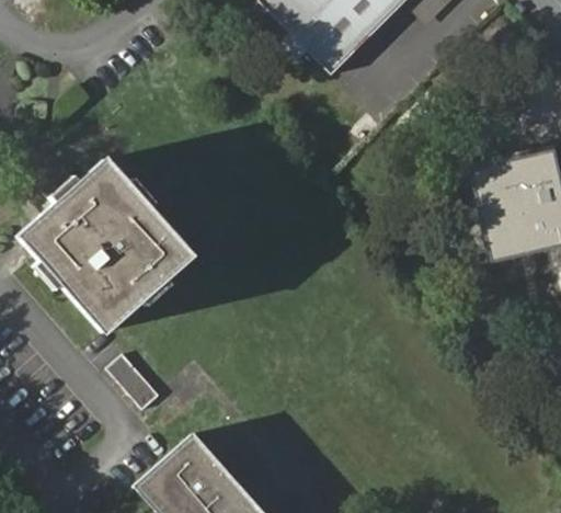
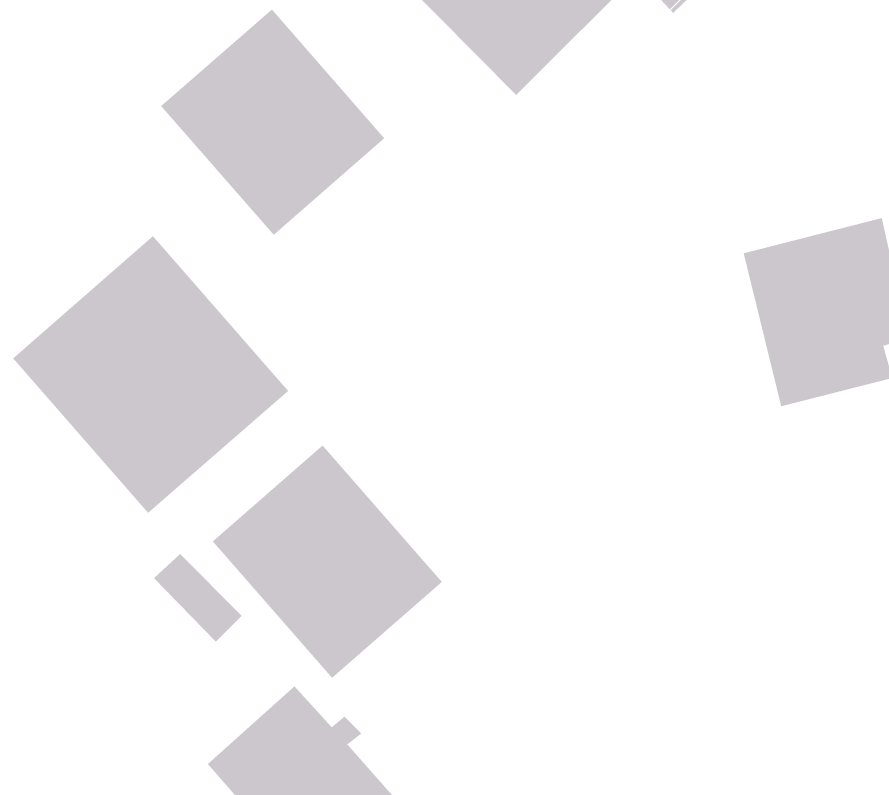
building: none -> [160,9,385,236]
building: none -> [212,445,443,679]

